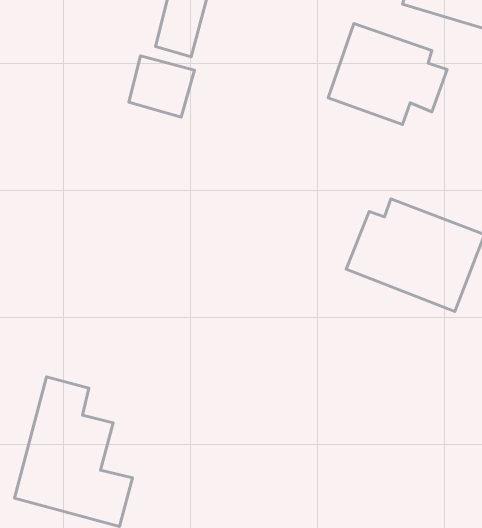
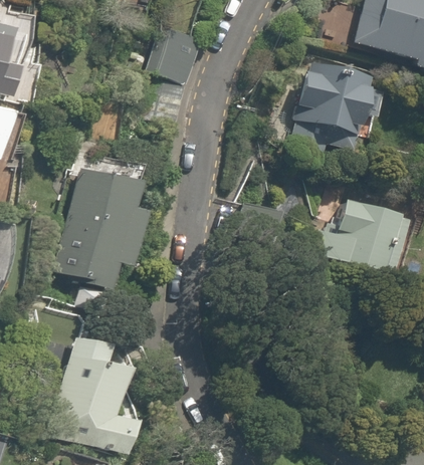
building: [129,56,194,117] -> none
building: none -> [56,165,143,287]

